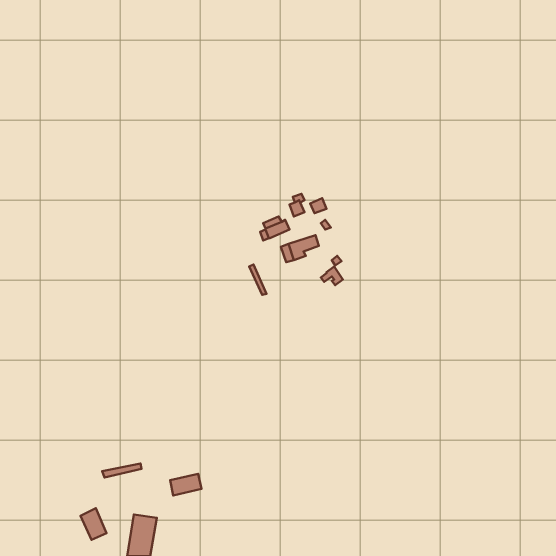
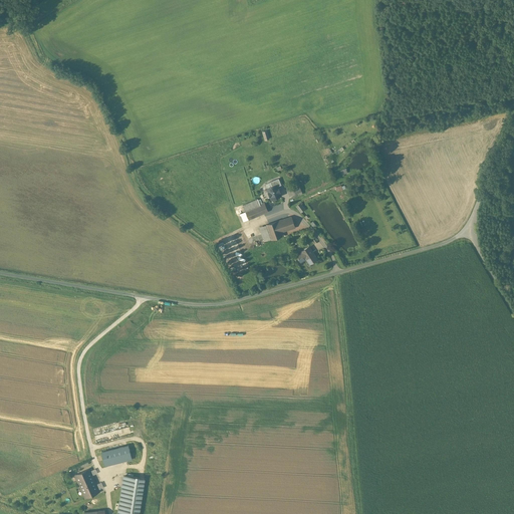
building: [170,474,202,496] -> [101,446,131,466]

